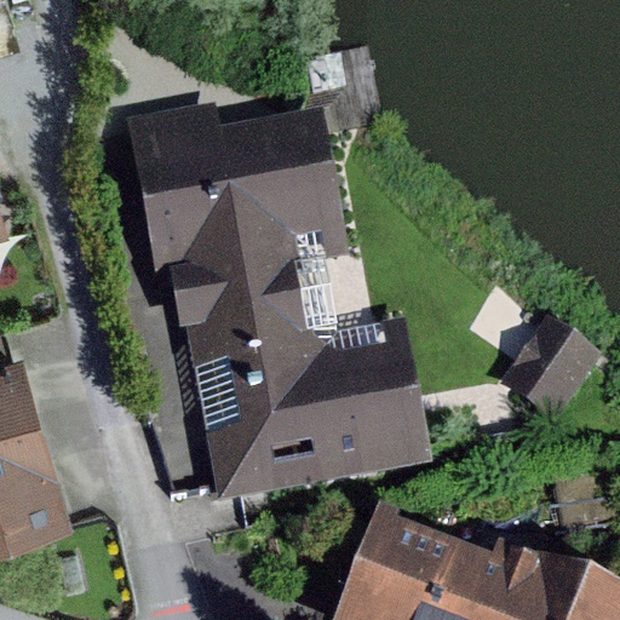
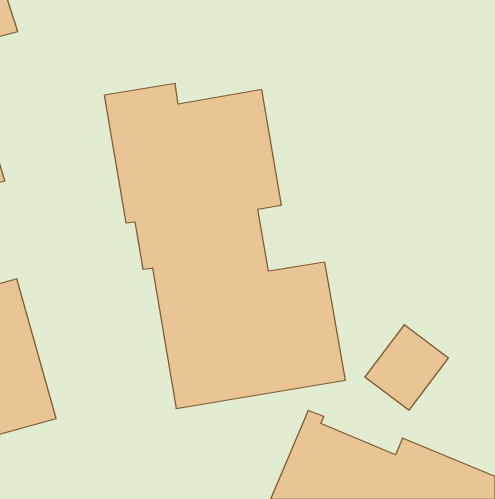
building: [500,315,603,420] -> [365,325,448,410]

